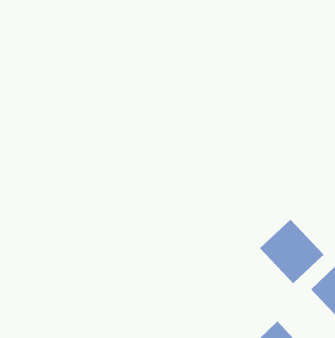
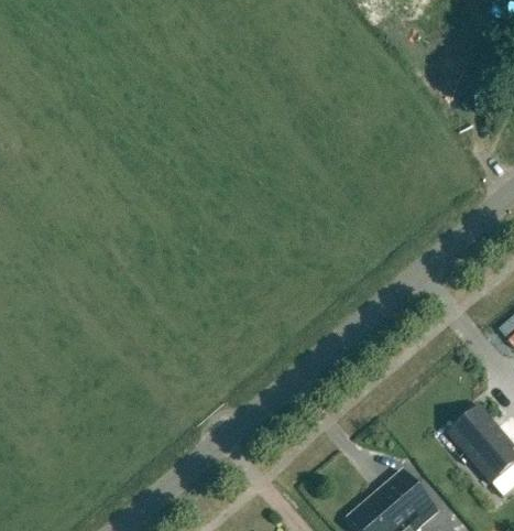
building: [259,219,325,284] -> none

